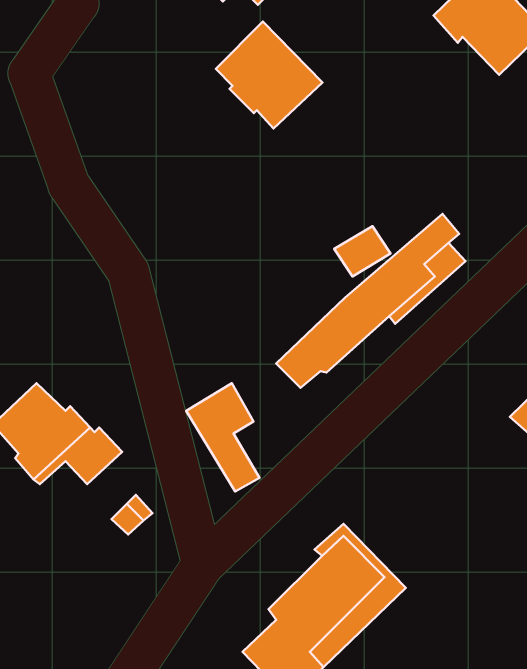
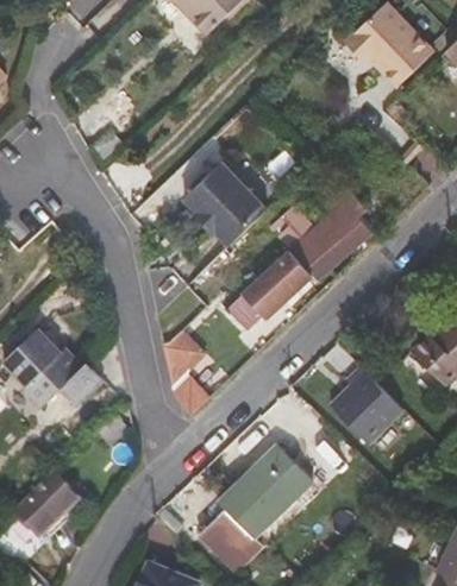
building: [216,22,322,128] -> [183,162,267,245]
building: none -> [331,367,402,442]
building: none -> [13,471,80,537]

